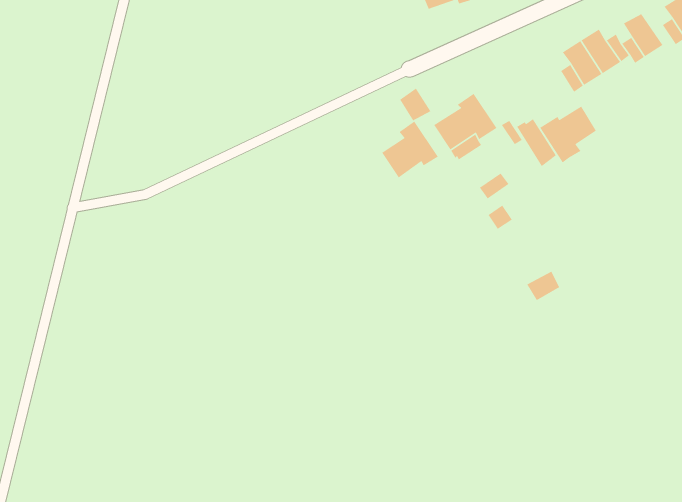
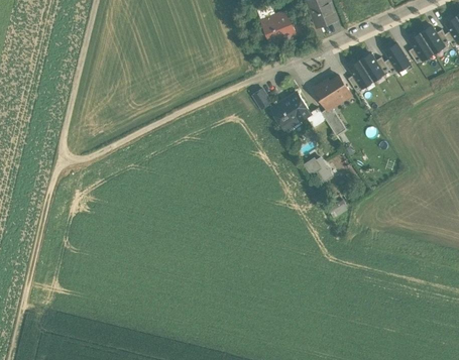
building: [539,106,597,163] -> [314,76,348,110]
building: [381,121,439,179] -> none

